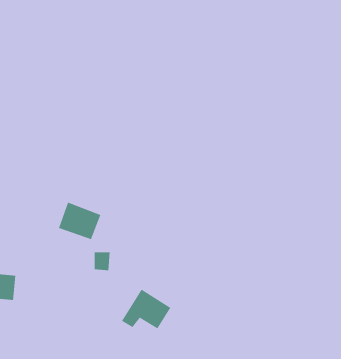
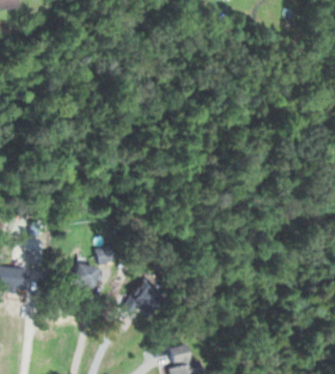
building: [58,202,101,240] -> [62,261,100,294]

